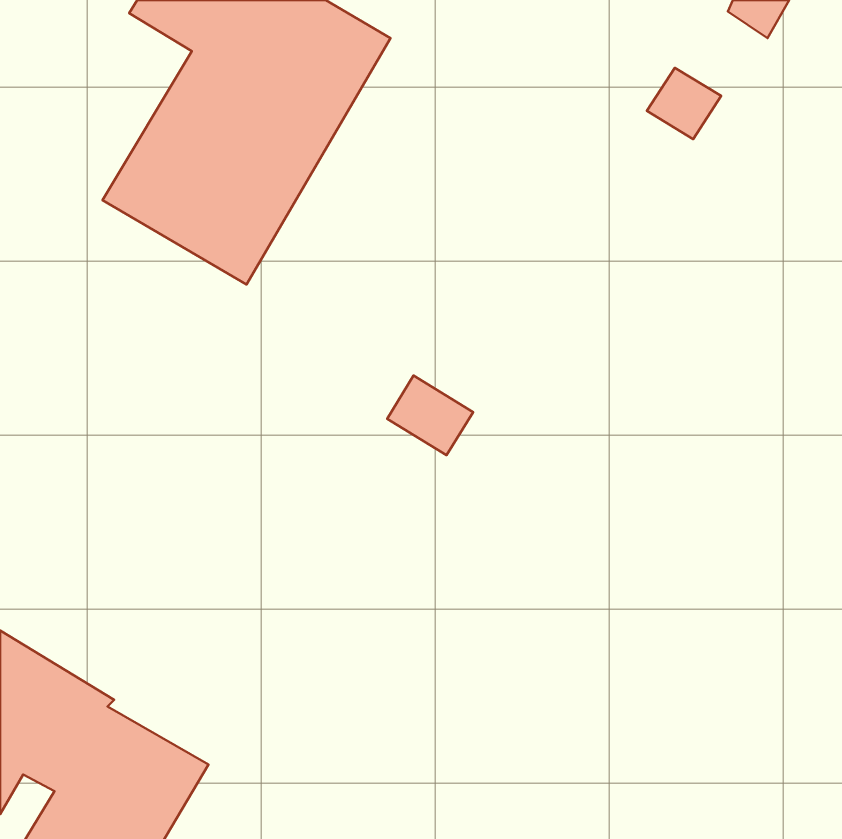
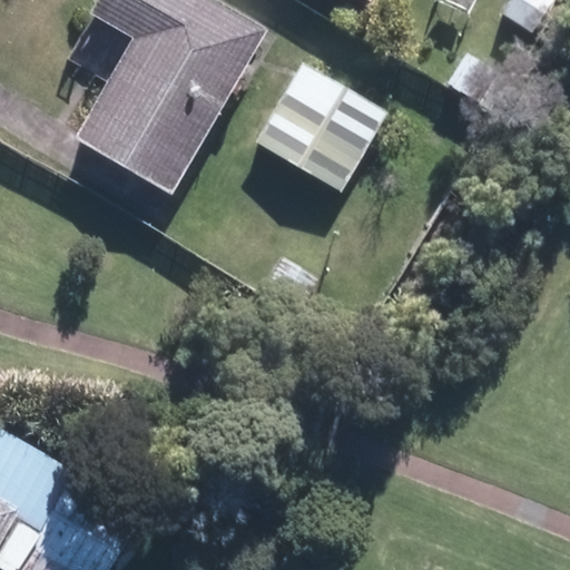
building: none -> [253,59,389,191]

